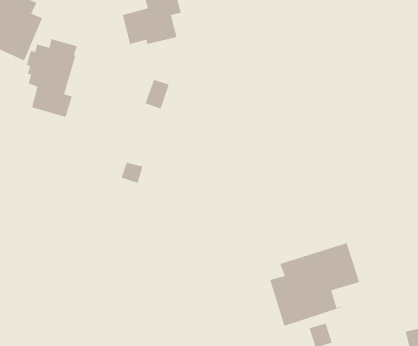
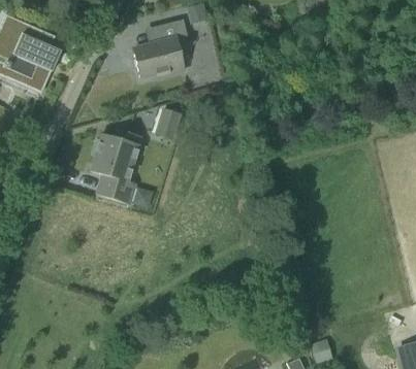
building: [26,38,78,118] -> [92,128,141,203]
building: [269,242,360,327] -> none

